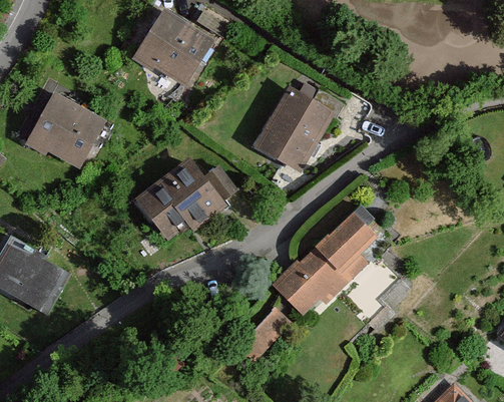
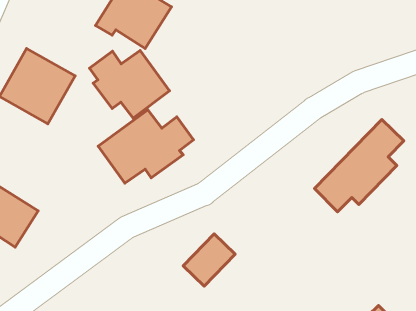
building: [253,86,337,174] -> none
building: none -> [90,50,170,118]
building: [276,210,377,314] -> [315,119,404,212]

